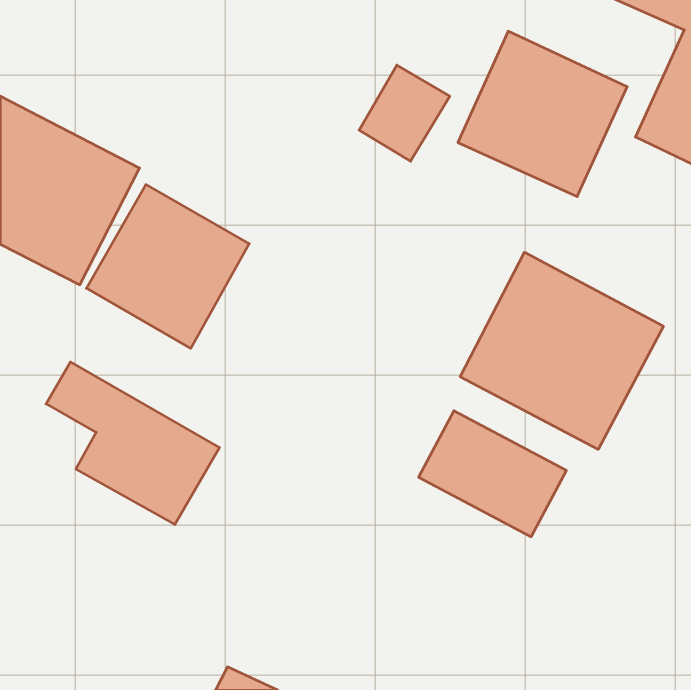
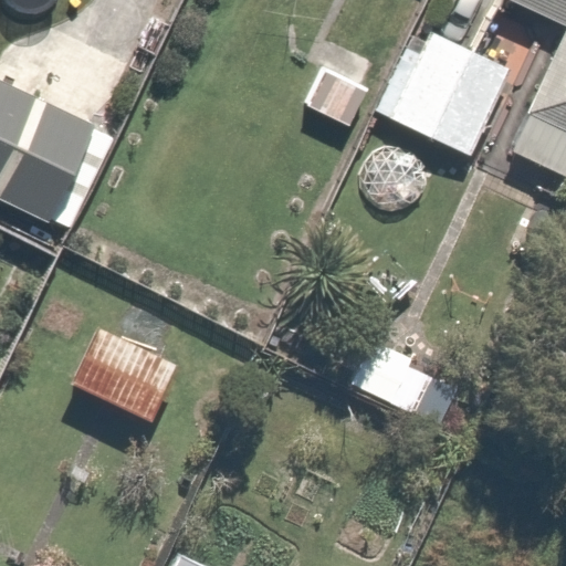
building: [86,185,249,348] -> none
building: [460,252,663,449] -> none

